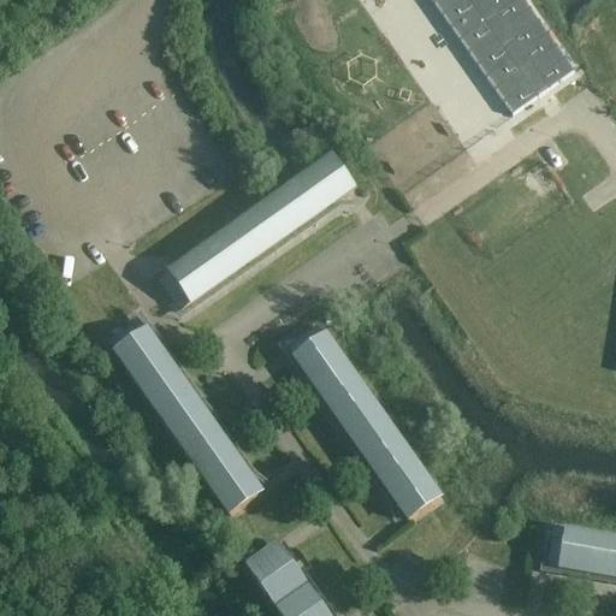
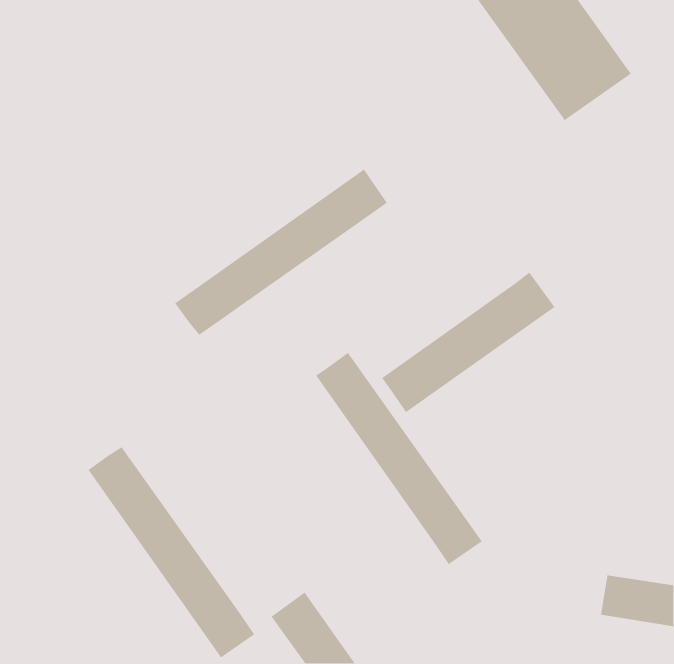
building: none -> [381,271,555,413]
building: [108,316,261,510] -> [88,446,255,658]

